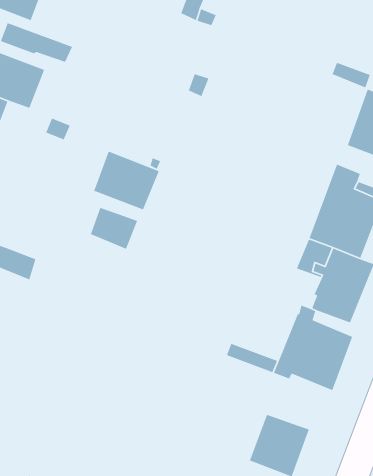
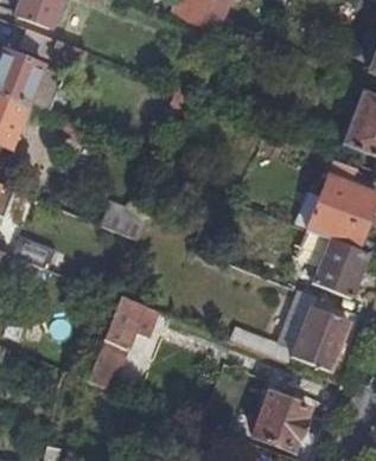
building: [93,151,160,210] -> none
building: none -> [91,296,159,389]

